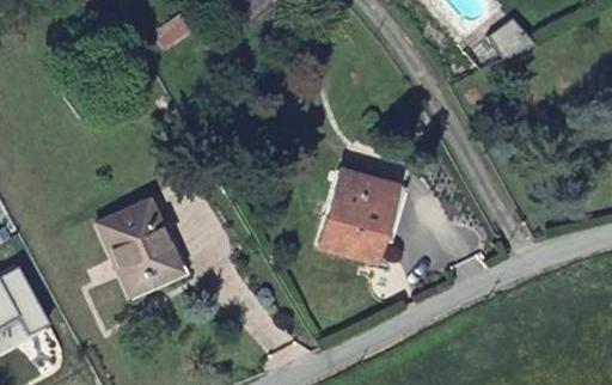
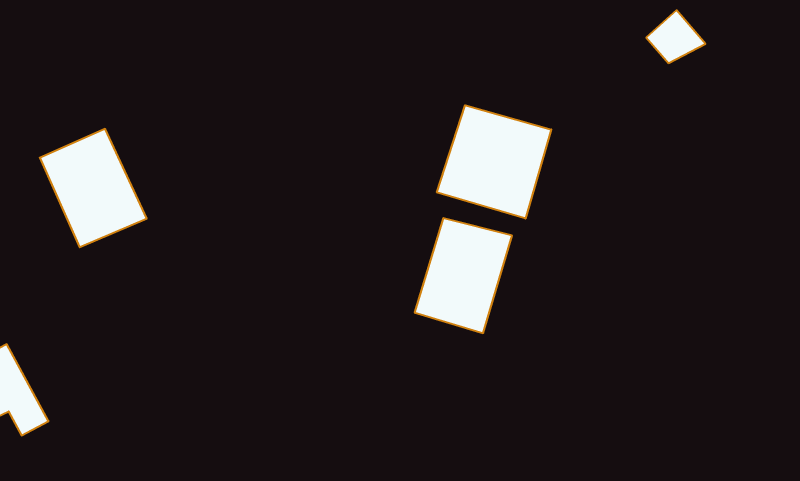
building: none -> [437,105,551,219]
building: [99,202,179,291] -> [40,129,147,247]

